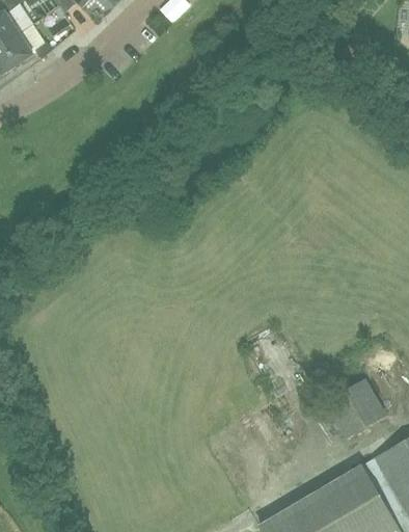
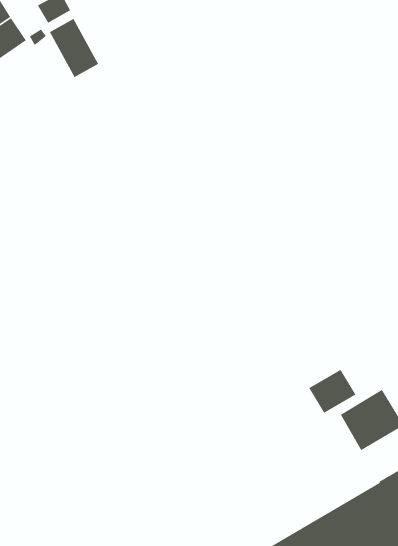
building: none -> [49,18,99,78]
building: none -> [308,369,356,414]

